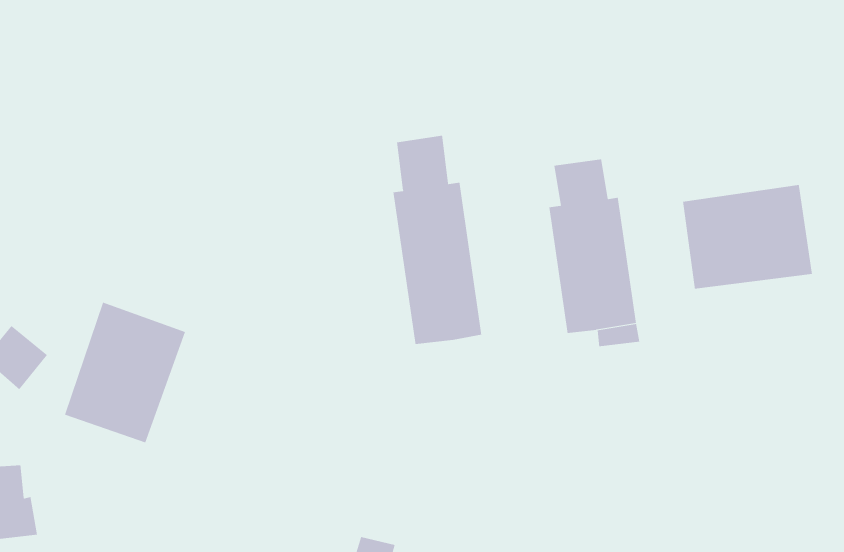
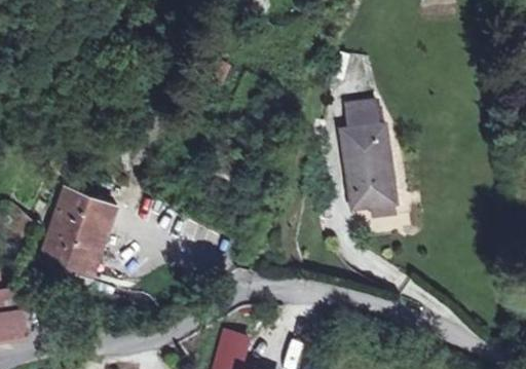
building: [393,135,482,345] -> none
building: [683,184,812,289] -> none

